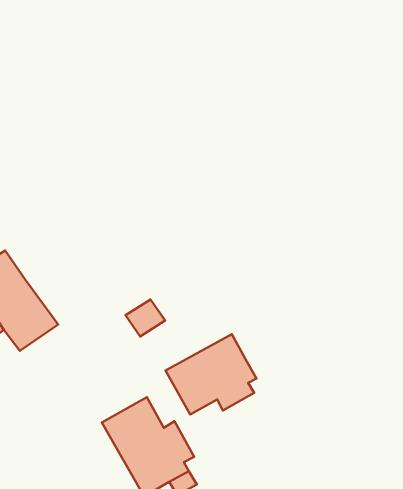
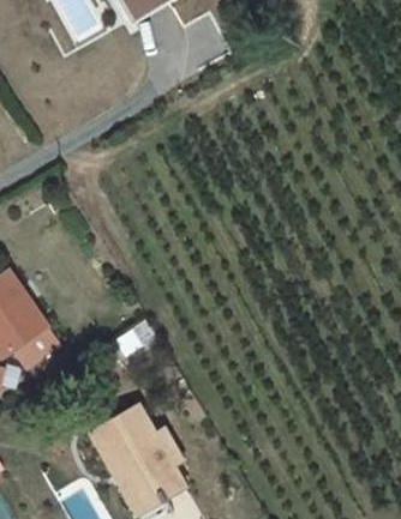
building: [166,334,256,414] -> none

